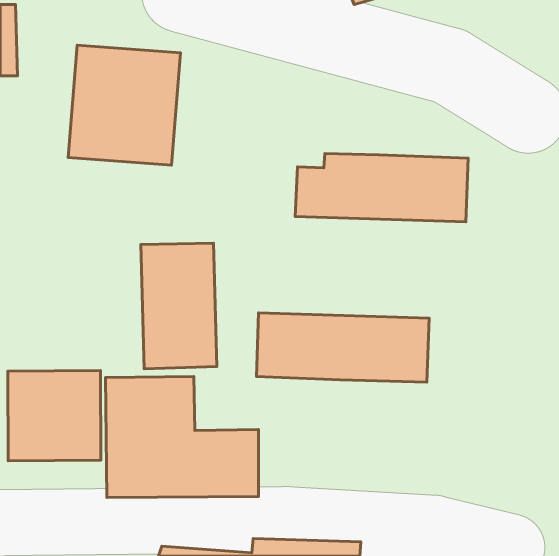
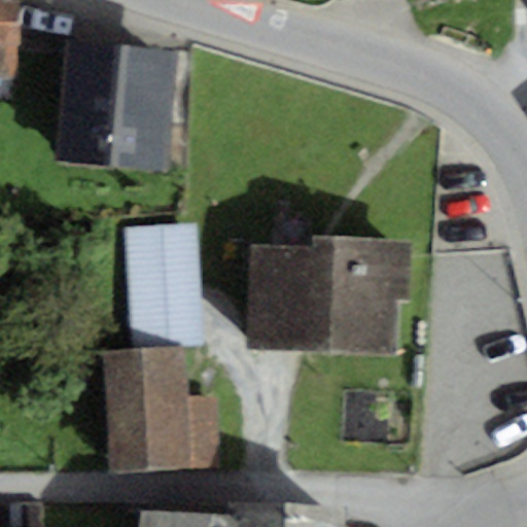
building: [295,154,468,222] -> [245,234,407,297]
building: [8,371,101,461] -> none

